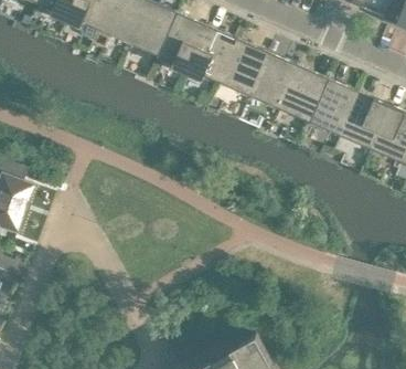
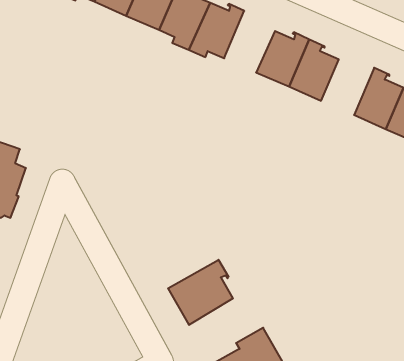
building: [216,36,264,94] -> none
building: [307,82,356,134] -> none
building: none -> [168,260,233,325]

